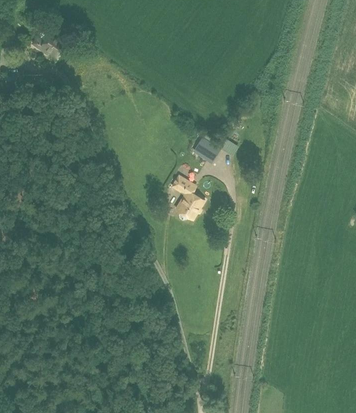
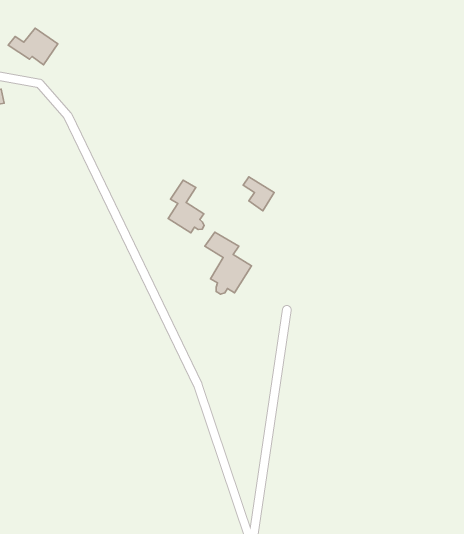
building: none -> [168,180,204,233]

